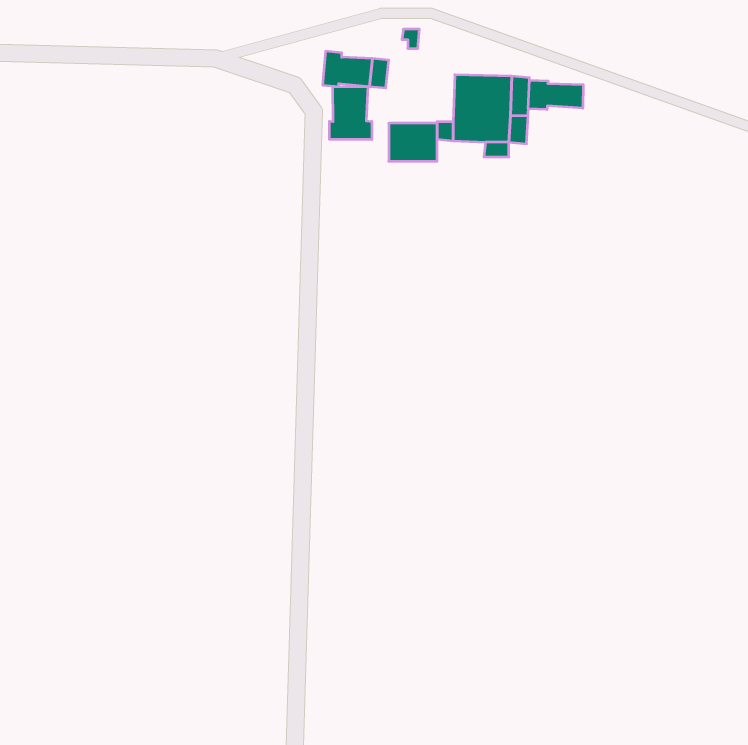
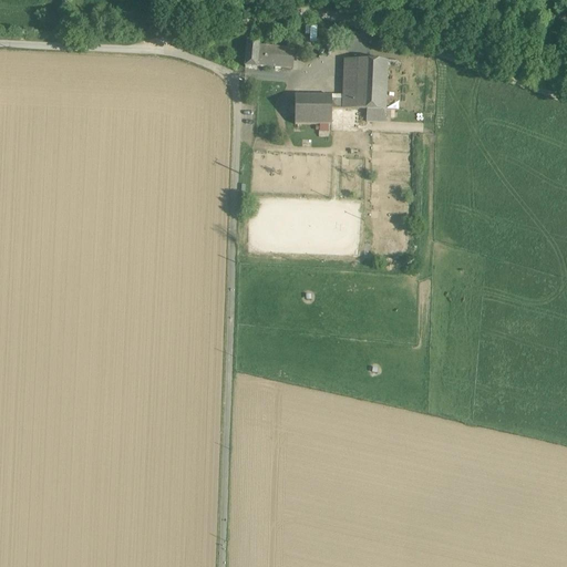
building: [528,80,583,110] -> none
building: [329,86,372,140] -> none

